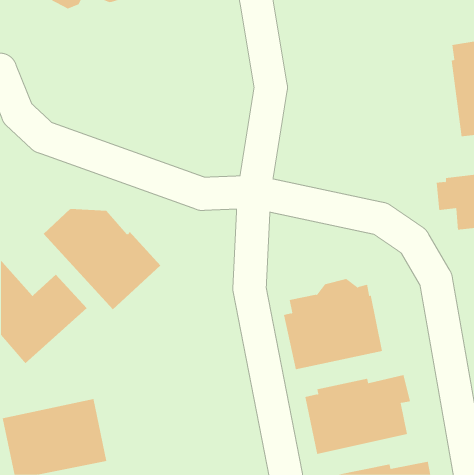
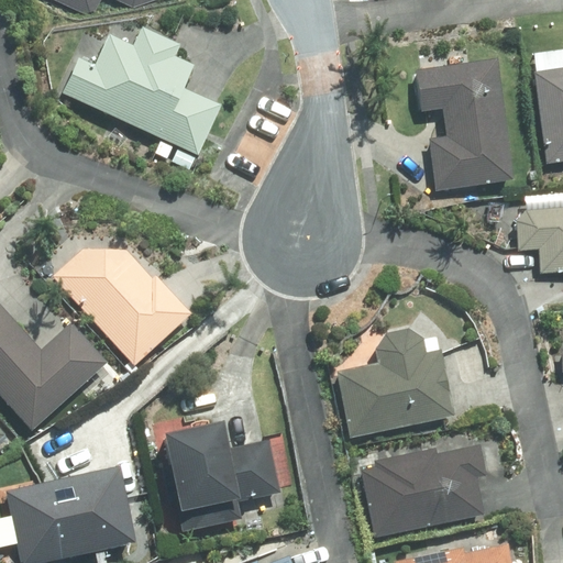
building: none -> [63,25,220,157]
building: none -> [416,56,515,190]
building: none -> [164,421,280,529]

